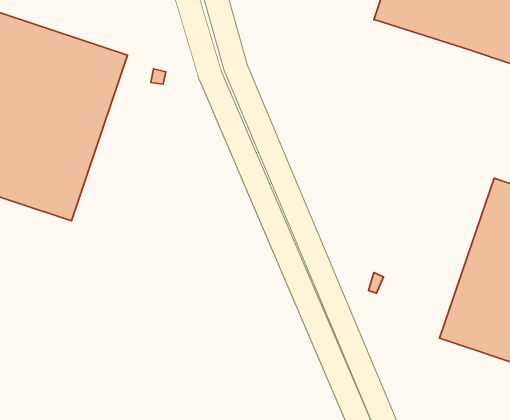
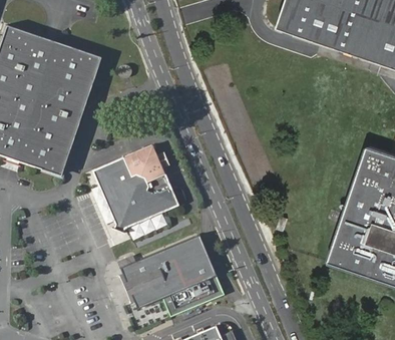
building: none -> [94,147,179,236]
building: none -> [119,235,223,317]

